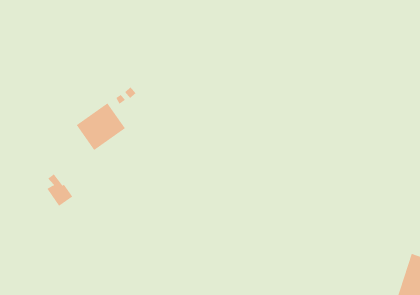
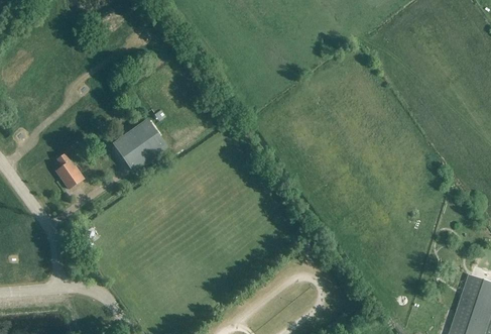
building: [47,174,73,207] -> [55,152,84,188]

